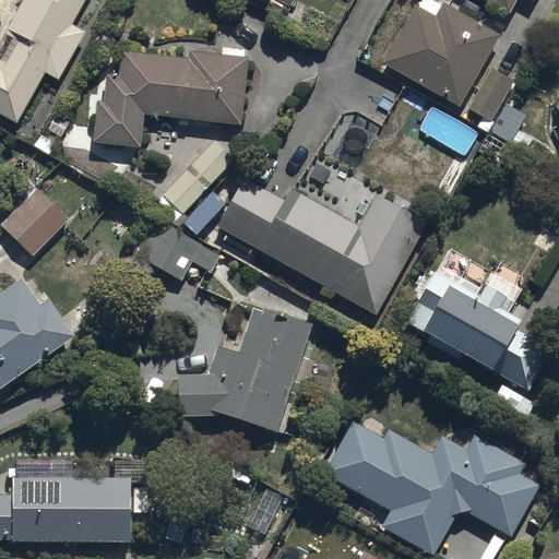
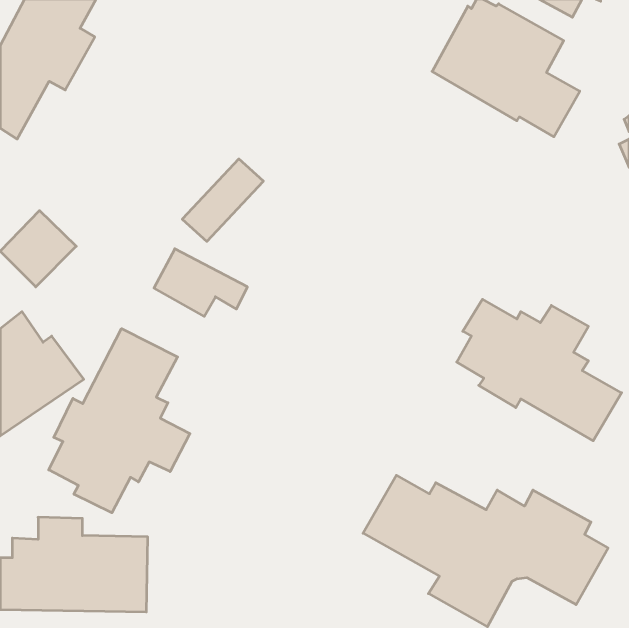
building: [92,46,248,146] -> none
building: [216,177,427,316] -> none
building: none -> [49,329,190,513]
building: [176,309,312,432] -> none

